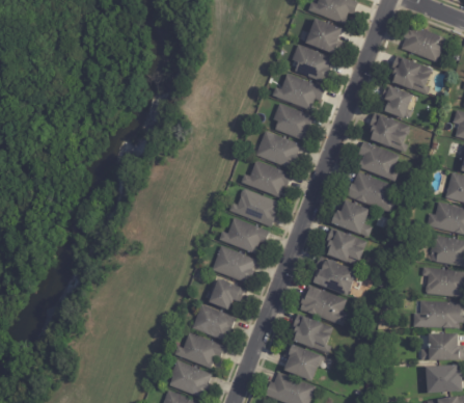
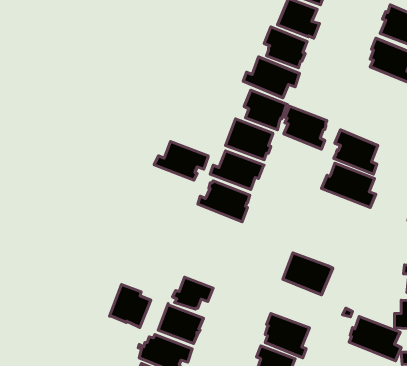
building: [384,85,412,118] -> none
building: [370,112,410,153] -> [284,106,327,149]
building: [330,199,372,236] -> none
building: [218,217,269,253] -> [154,141,208,180]
building: [326,227,366,268] -> none
building: [212,245,255,284] -> none
building: [299,285,348,326] -> [349,317,401,361]
building: none -> [110,284,151,328]

